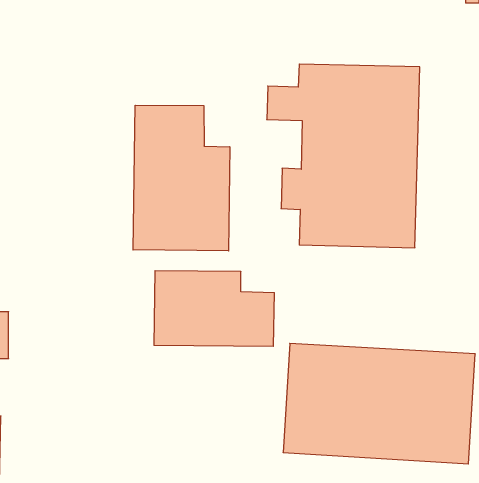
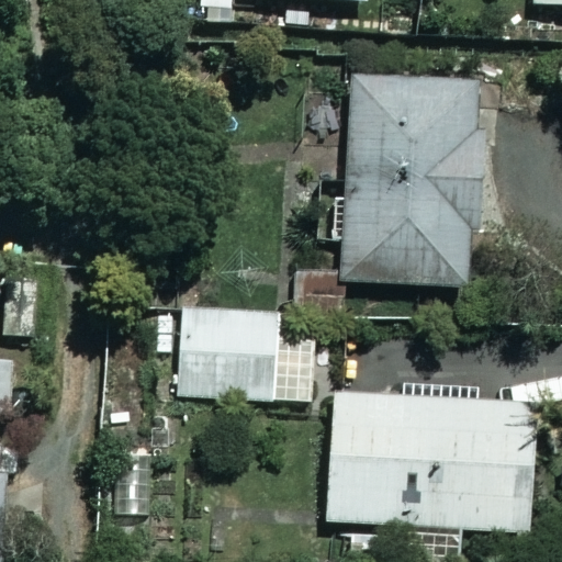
building: [133,105,230,251] -> none

